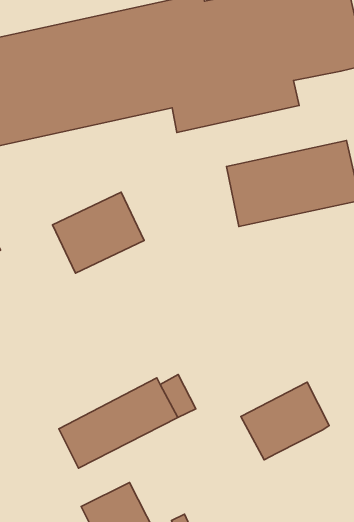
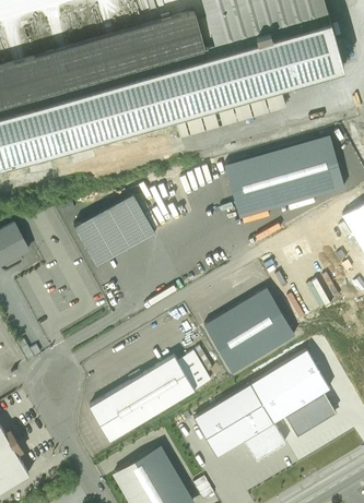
building: none -> [203,289,294,373]
building: none -> [193,386,285,460]
building: none -> [284,394,336,436]

